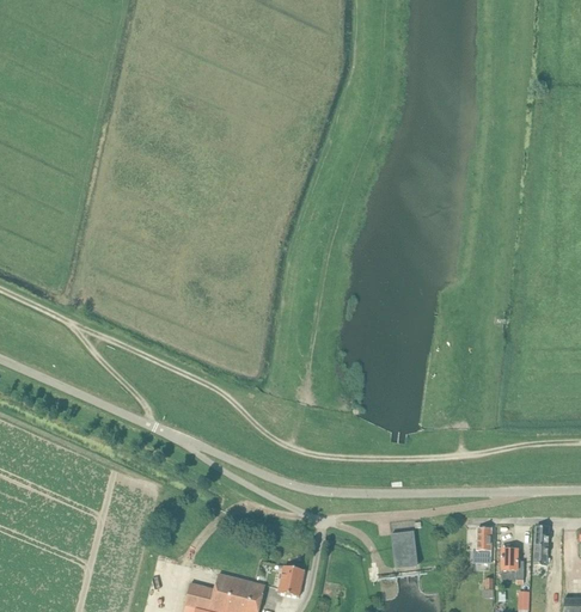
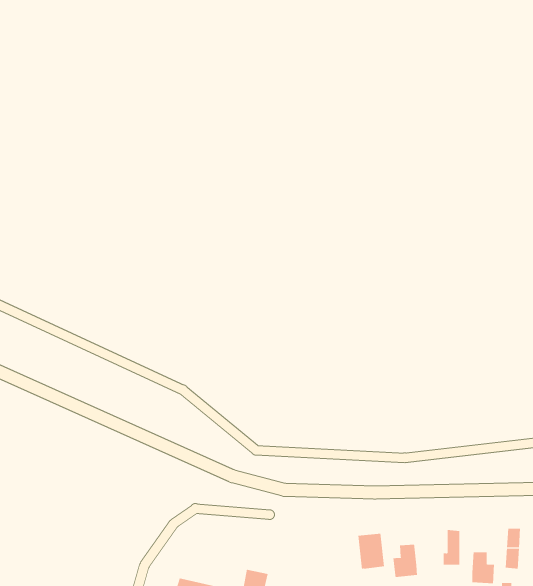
building: none -> [393,544,417,578]

